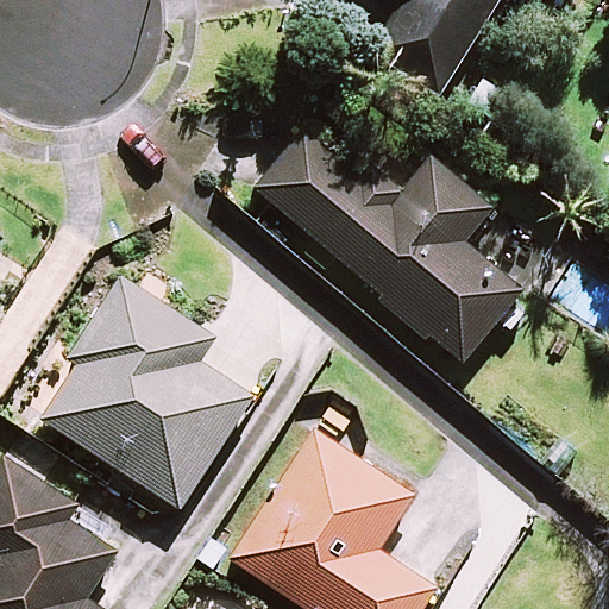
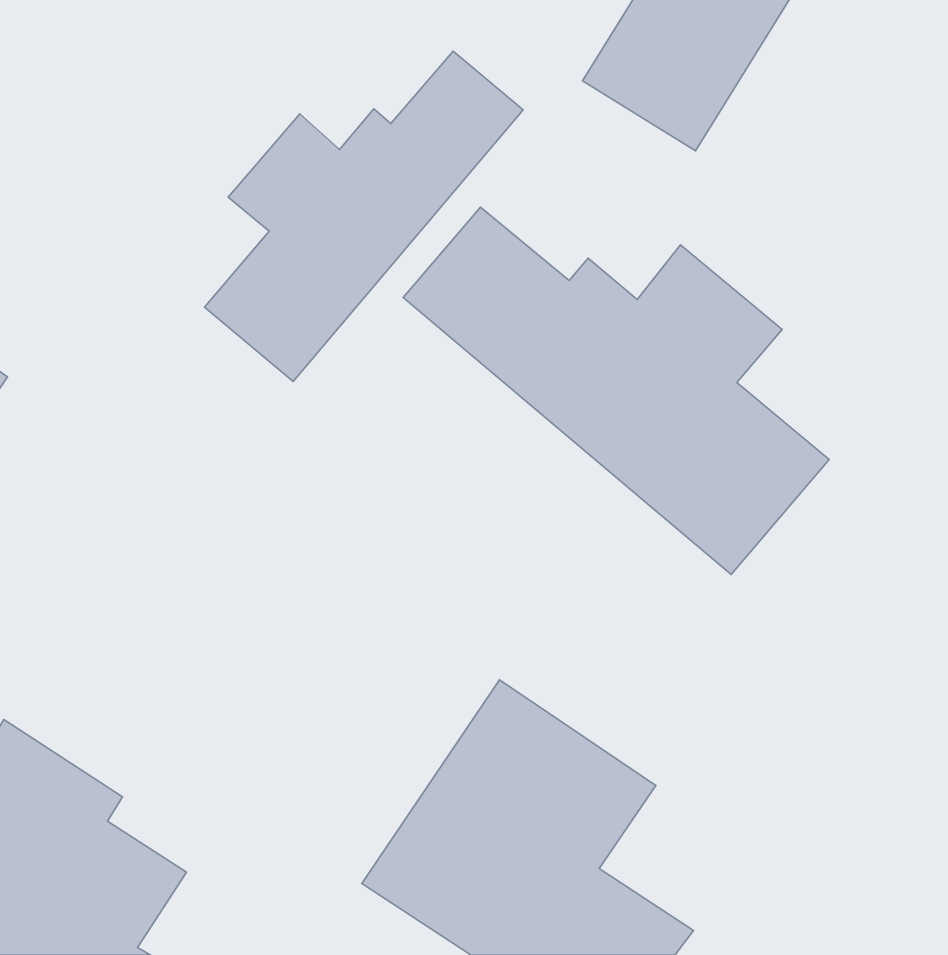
building: none -> [204,51,523,382]
building: [39,276,255,511] -> none

